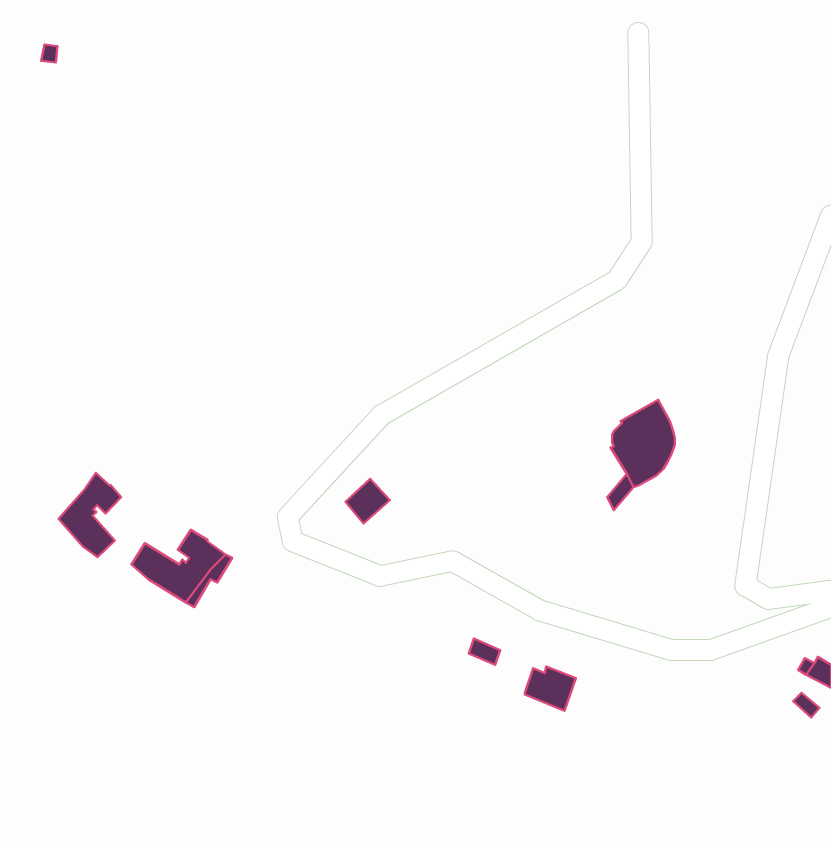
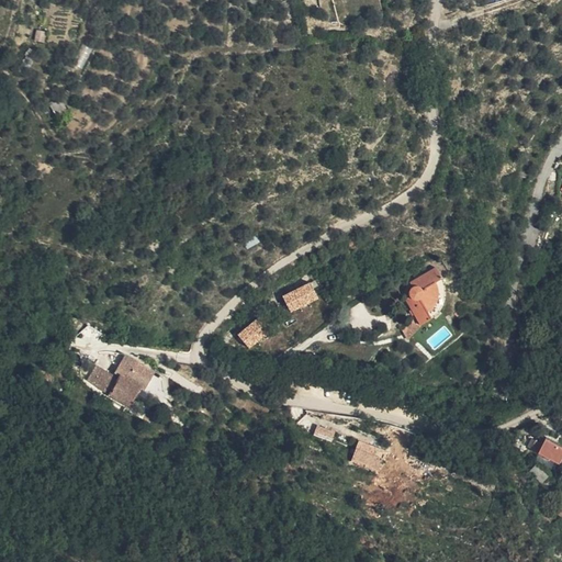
building: none -> [276,282,312,313]
building: [59,473,121,557] -> none

